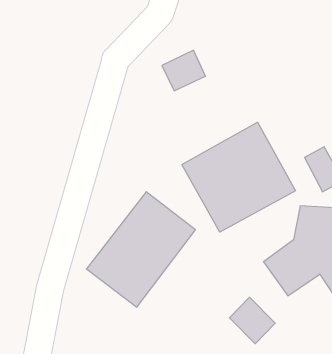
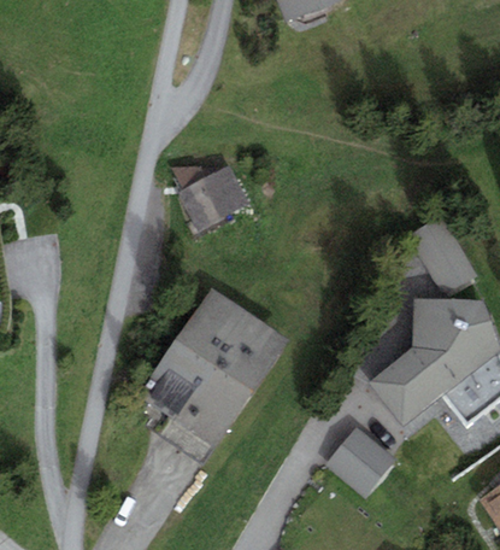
building: [162,50,206,91] -> [182,168,241,223]
building: [182,122,295,232] -> none

